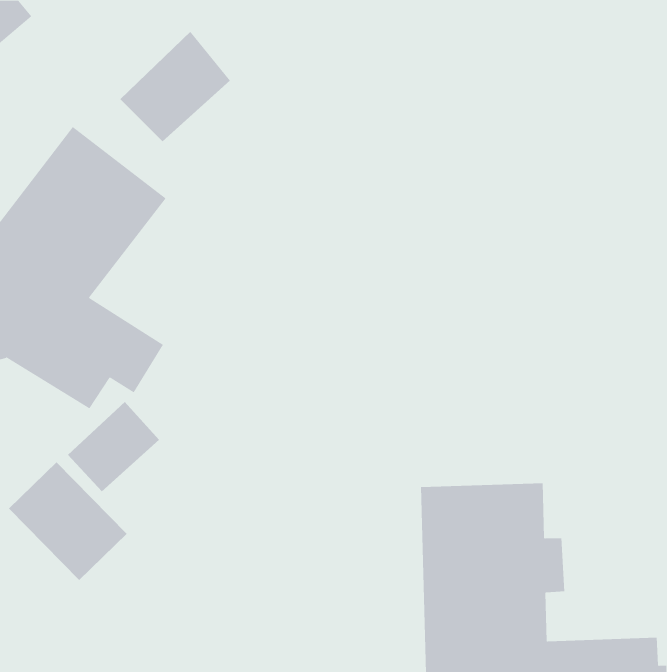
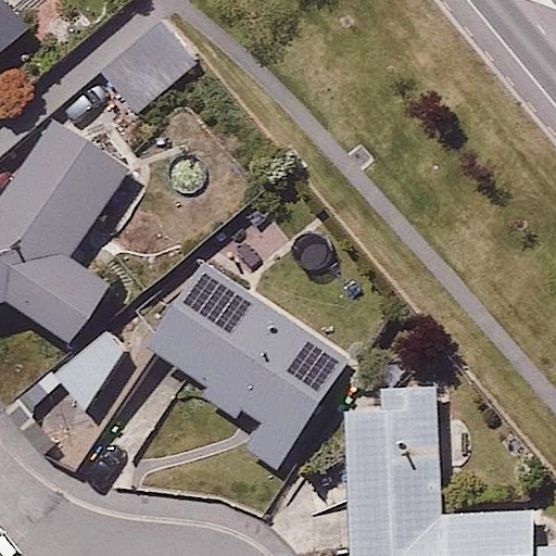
building: none -> [141,255,345,470]

